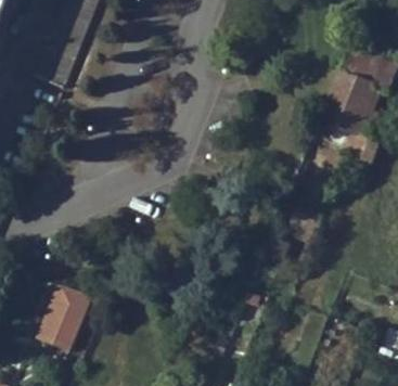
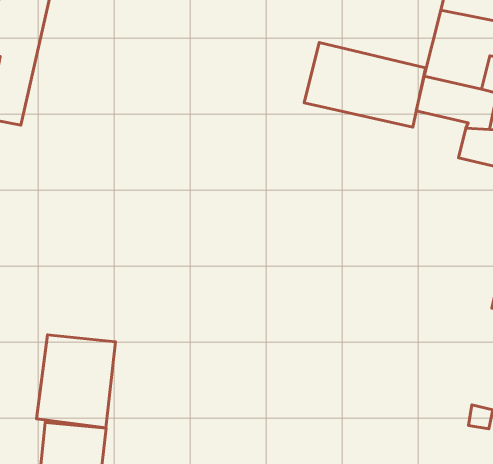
building: none -> [304,43,425,127]
building: none -> [37,335,115,428]

